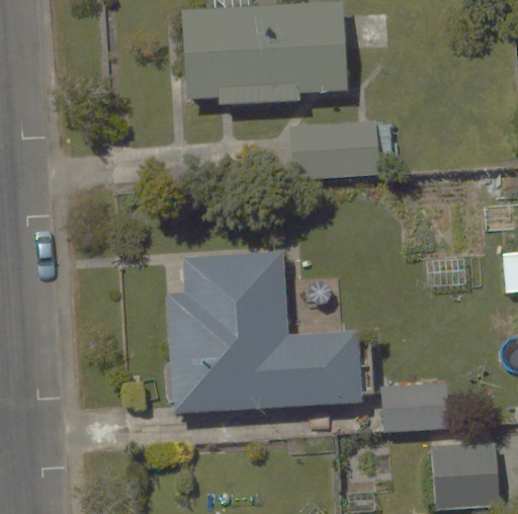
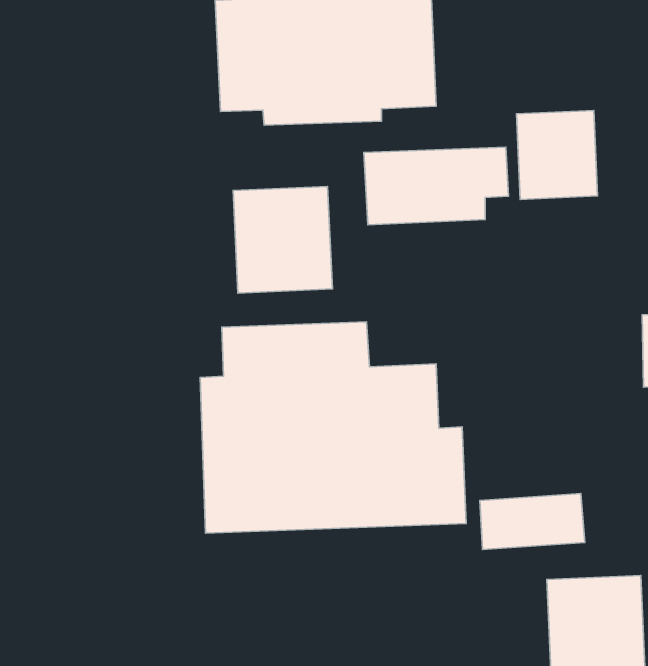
building: none -> [516,110,598,199]
building: none -> [233,186,332,293]

